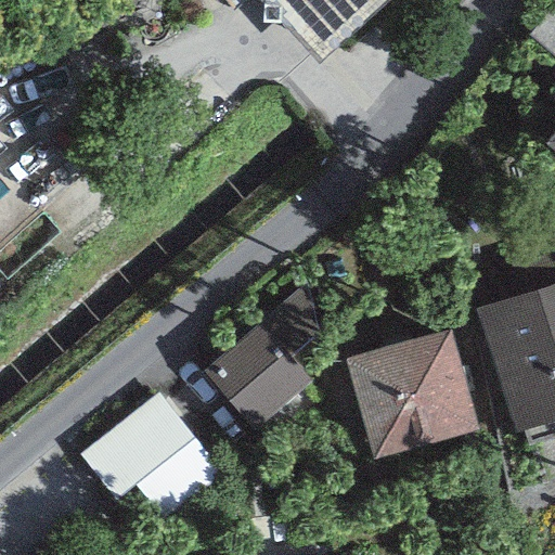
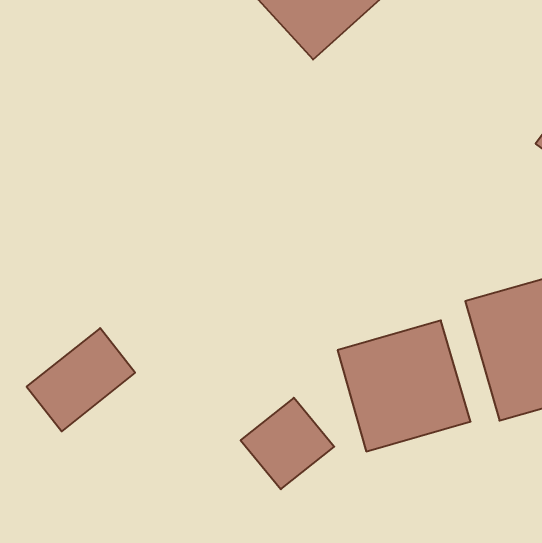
building: [216,325,311,418] -> [241,398,334,489]
building: [92,400,203,505] -> [27,328,135,431]

